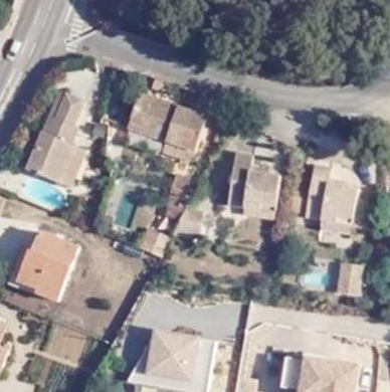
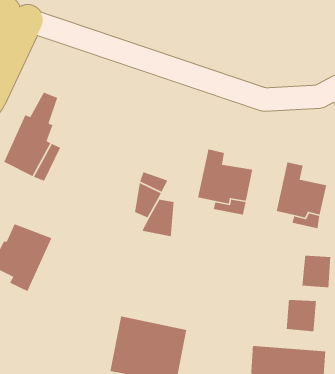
building: [126,93,203,158] -> none
building: none -> [286,299,317,332]

